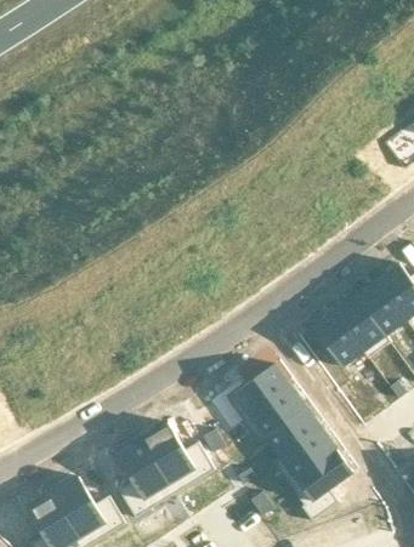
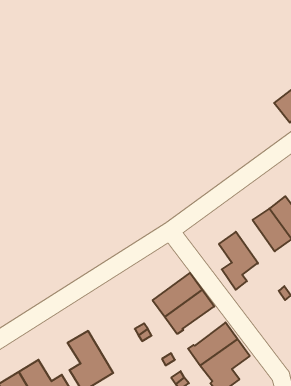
building: [334,294,391,358] -> none
building: [265,406,321,457] -> none
building: [142,422,215,492] -> none

